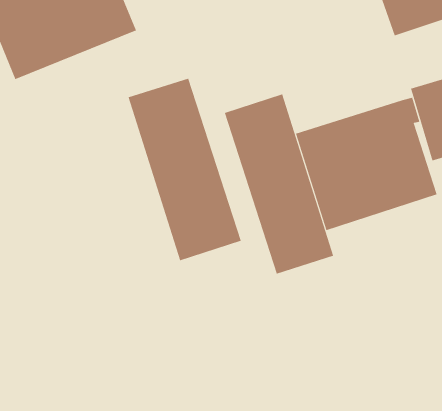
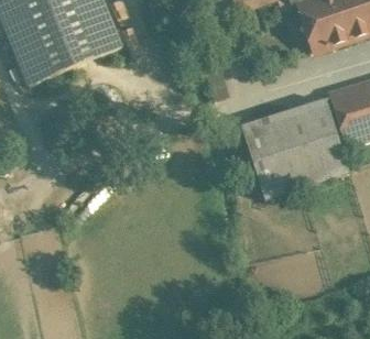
building: [128,78,241,261] -> none
building: [224,93,334,274] -> none

